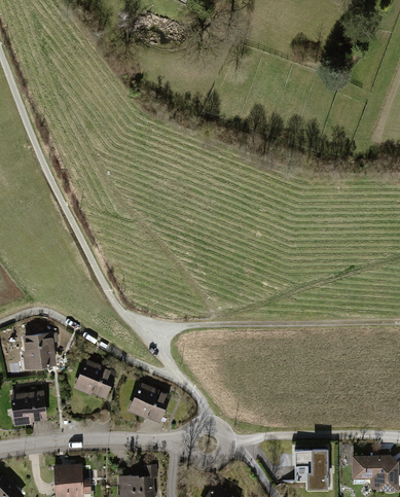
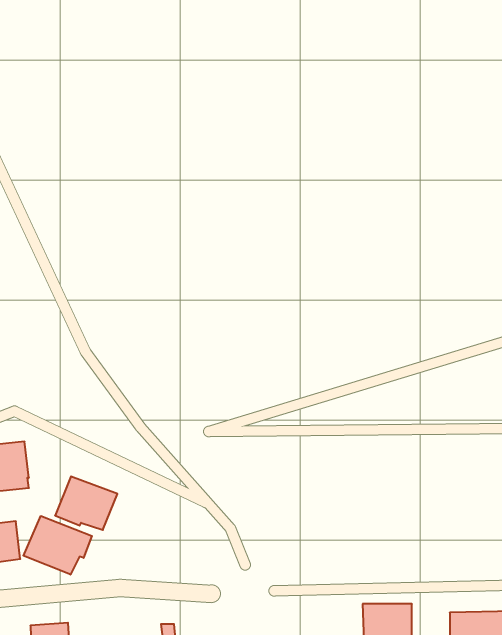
building: [129,382,173,420] -> none
building: none -> [23,516,92,575]

